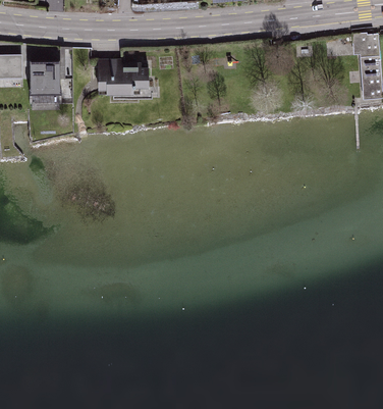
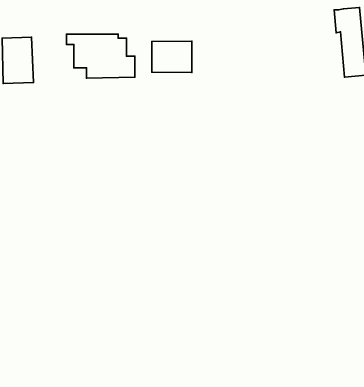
building: none -> [152,41,192,73]

